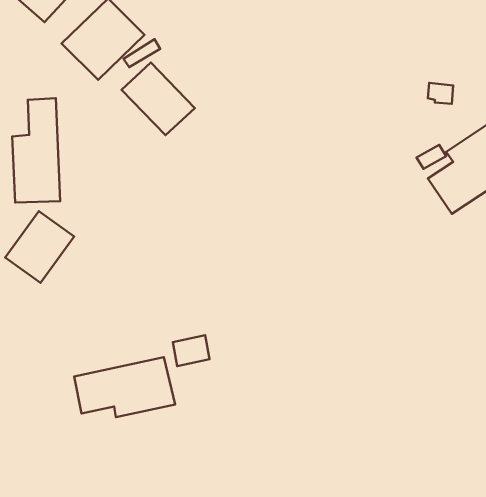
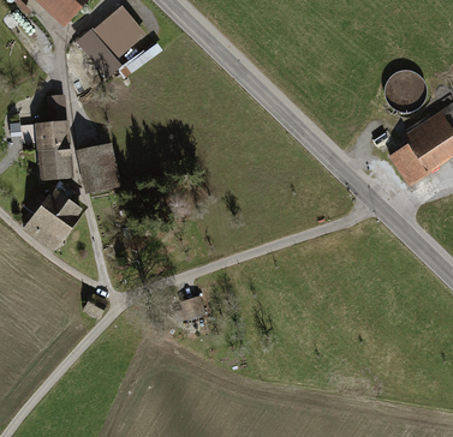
building: [122,63,195,135] -> none
building: none -> [81,144,120,196]
building: [74,357,175,417] -> none

